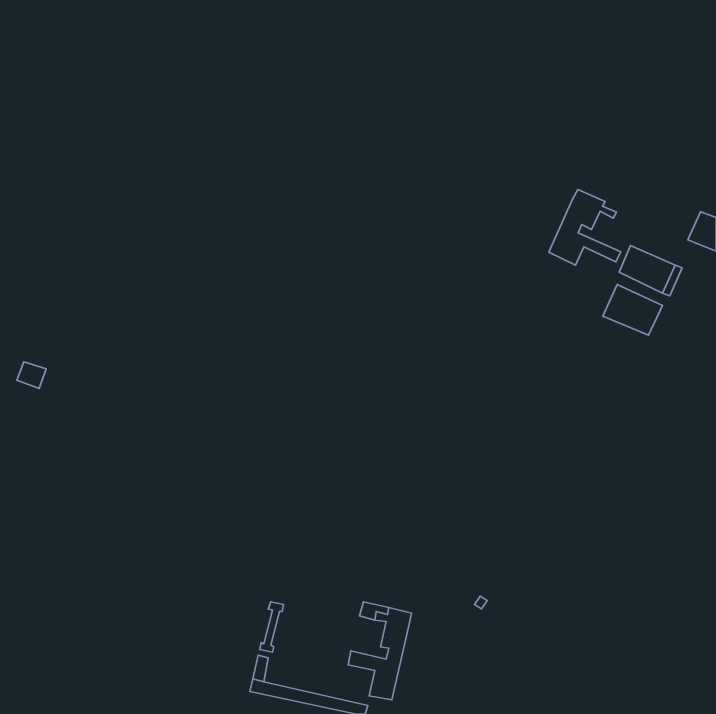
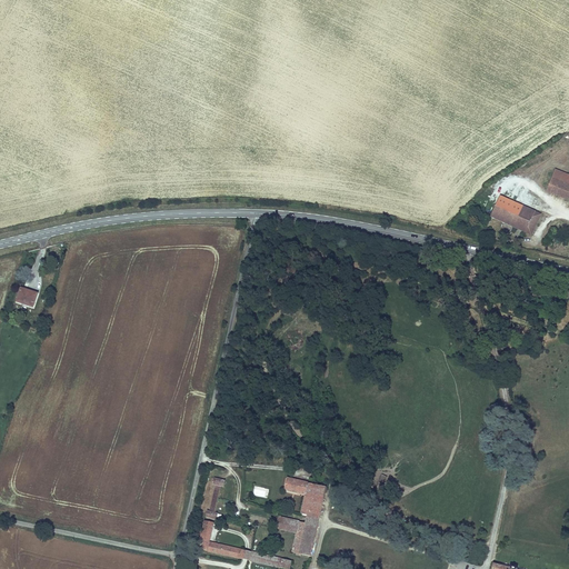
building: [549,189,621,265] -> none
building: [603,284,662,335] -> none

